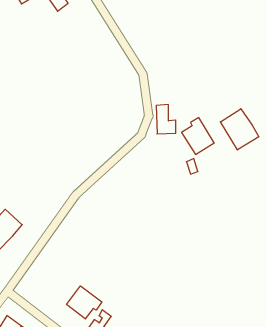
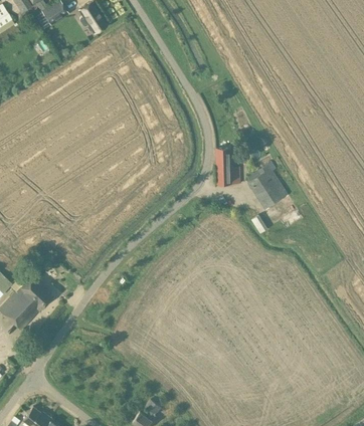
building: [220,109,259,150] -> none
building: [67,286,102,319] -> none

